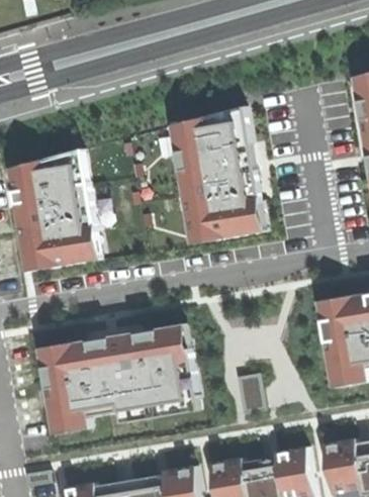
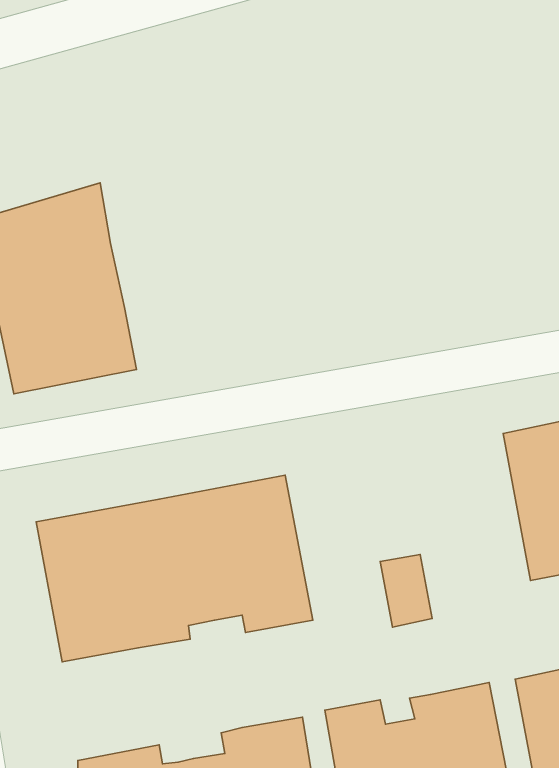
building: [171,110,262,244] -> none

